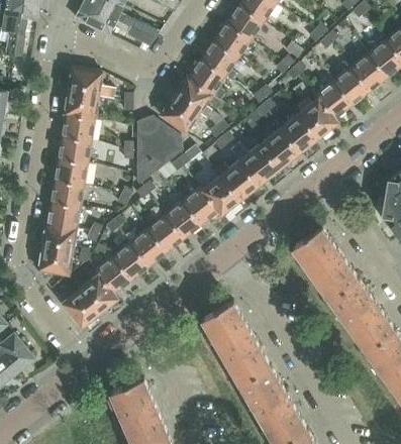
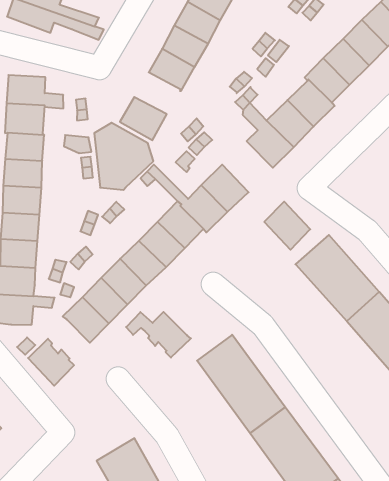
building: [173,77,212,114] -> none
building: [239,145,277,186] -> [264,202,310,250]
building: [65,272,117,313] -> [126,312,191,358]

